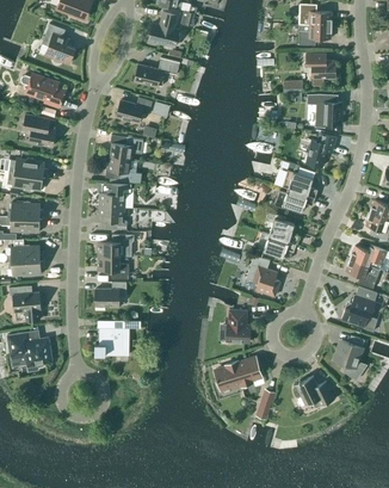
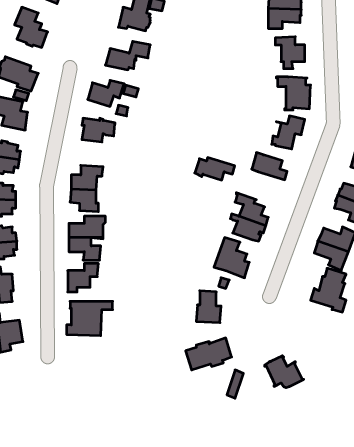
building: [105,156,141,183] -> none
building: [274,189,315,211] -> [195,158,235,180]
building: [332,335,368,379] -> none

